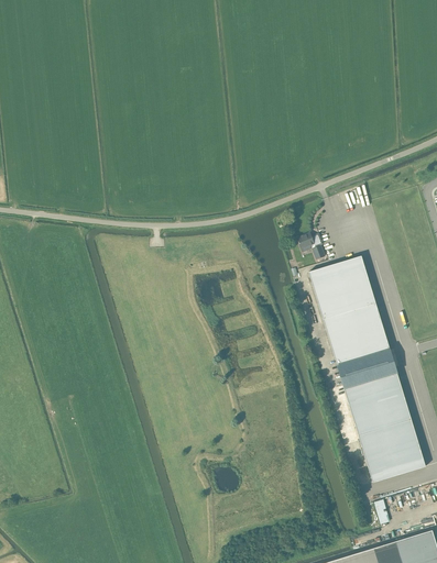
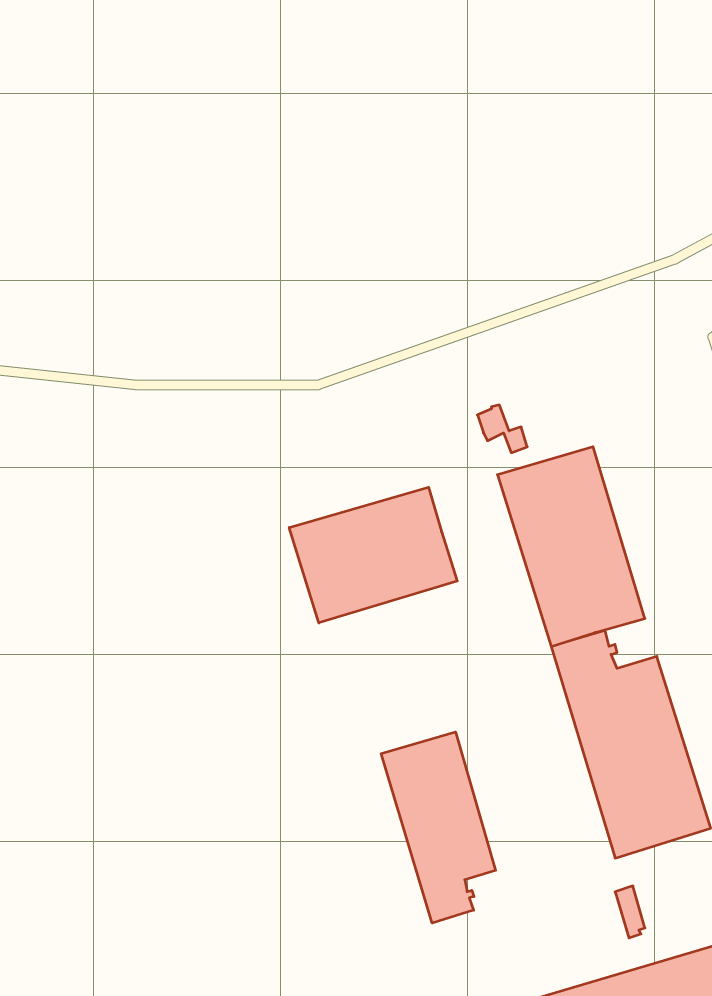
building: none -> [289,487,457,623]
building: none -> [381,732,496,923]

